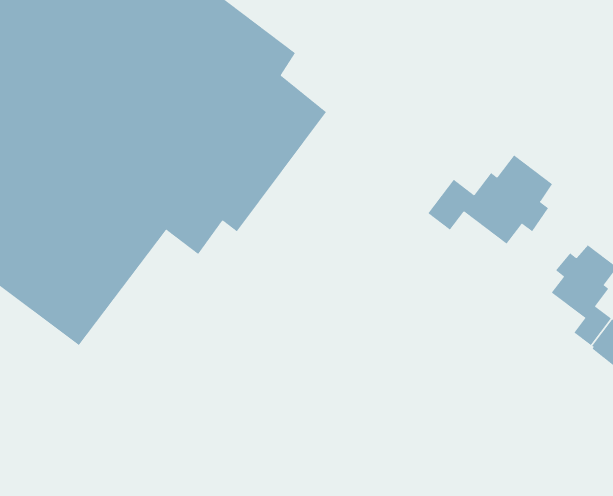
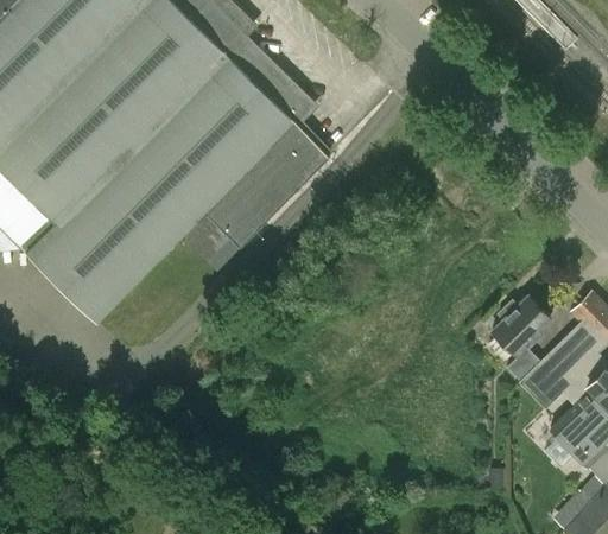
building: [428,154,553,245] -> none

